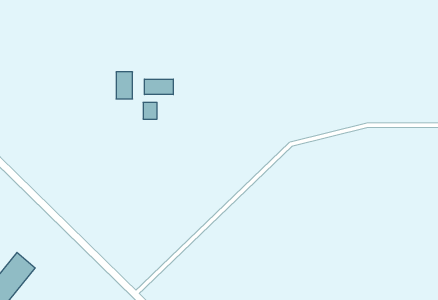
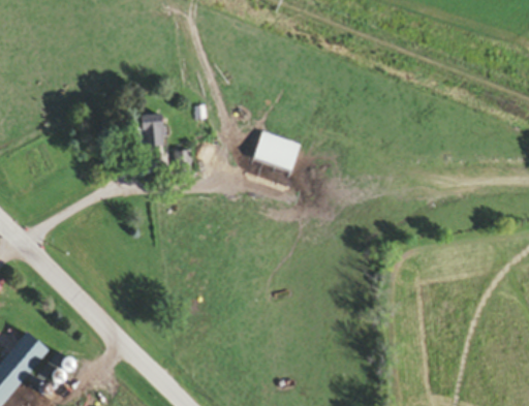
building: [144,79,173,95] -> none
building: none -> [254,132,300,171]

